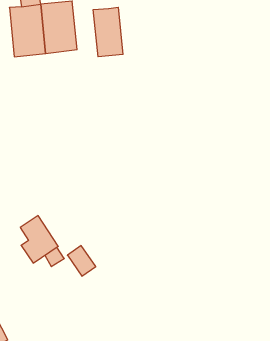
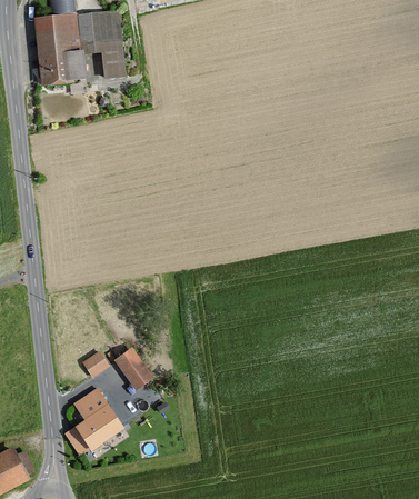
building: [93,7,123,57] -> none
building: [20,216,58,263] -> [73,385,126,450]

